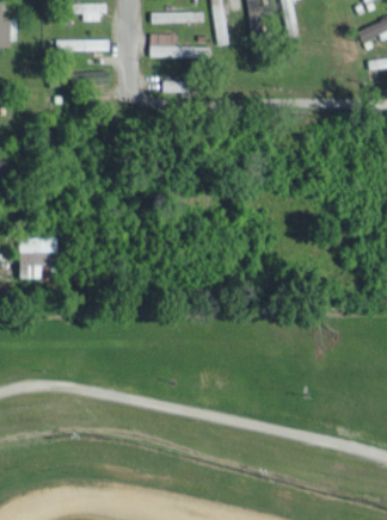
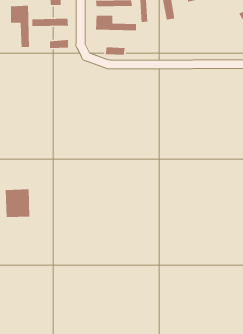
building: none -> [10,5,30,48]
building: [22,236,59,279] -> [5,189,30,218]

